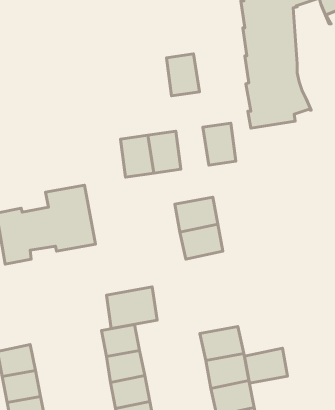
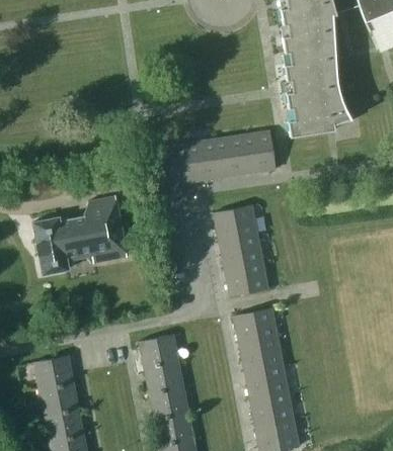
building: [166,54,199,96] -> [215,136,248,178]
building: none -> [225,261,268,296]
building: [106,287,157,329] -> none
building: [244,348,288,383] -> [234,308,278,344]

